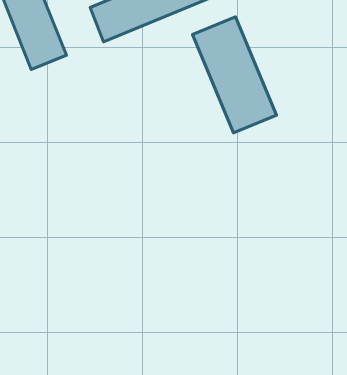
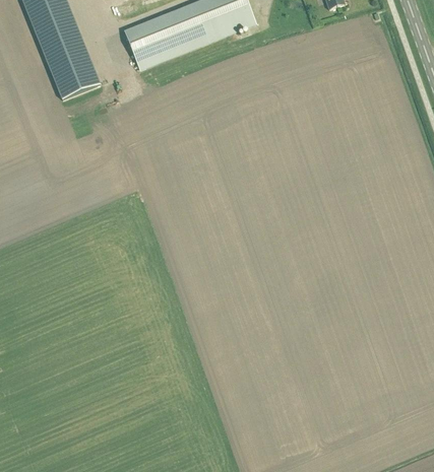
building: [193,17,277,133] -> none

